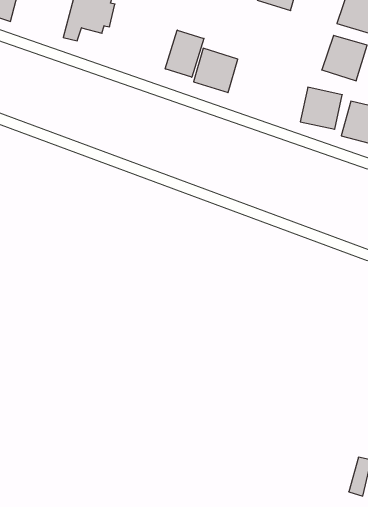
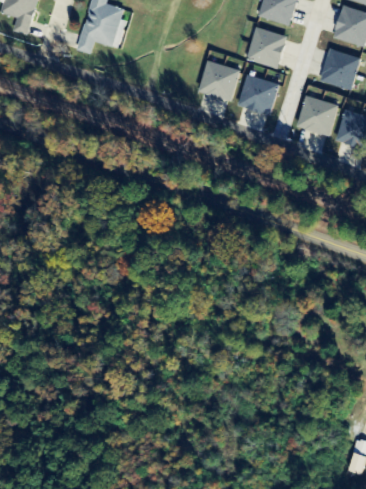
building: none -> [247,26,288,68]
building: [165,30,204,77] -> none
building: none -> [238,74,279,114]

